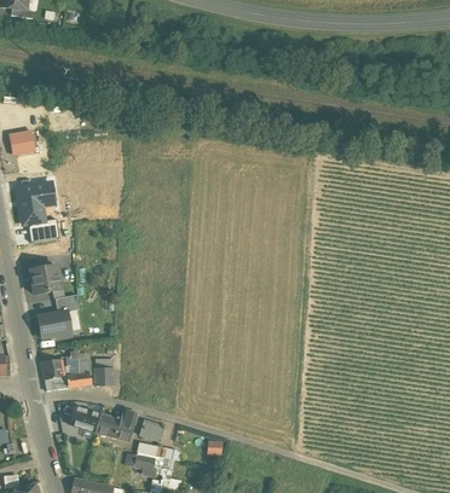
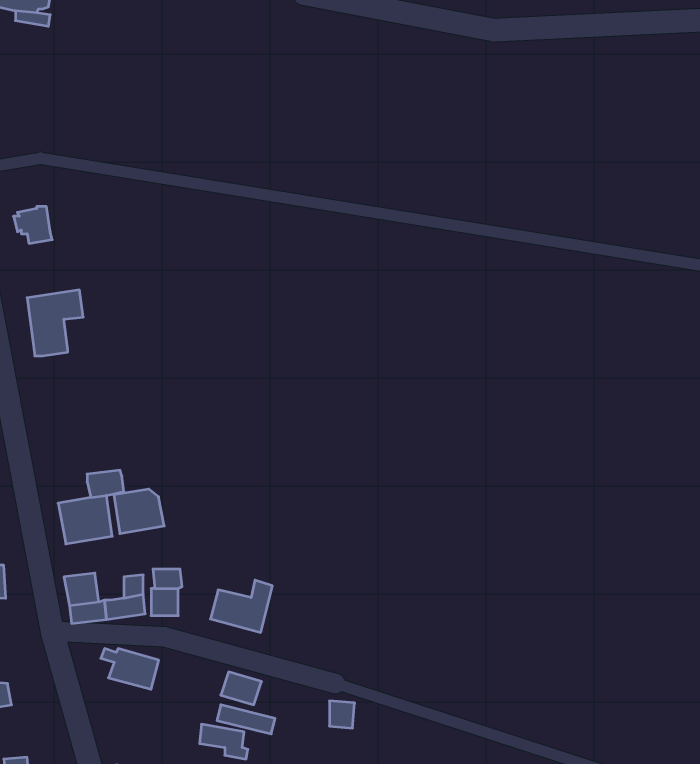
building: [28,218,59,243] -> none
building: [30,266,62,294] -> [114,489,164,534]
building: [96,407,134,440] -> [210,580,272,632]

